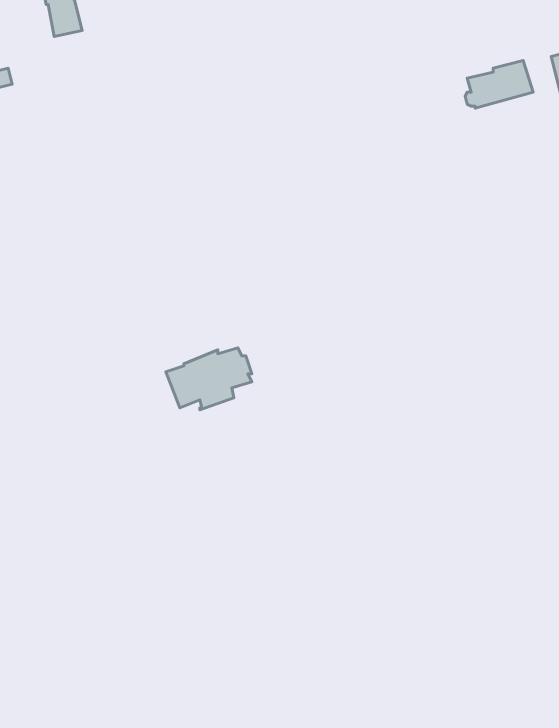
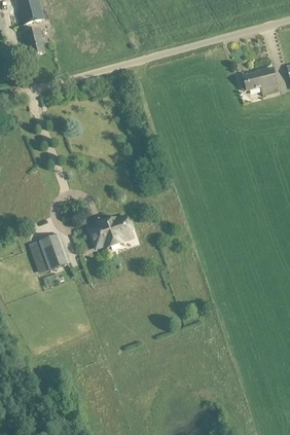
building: none -> [36,232,69,270]

